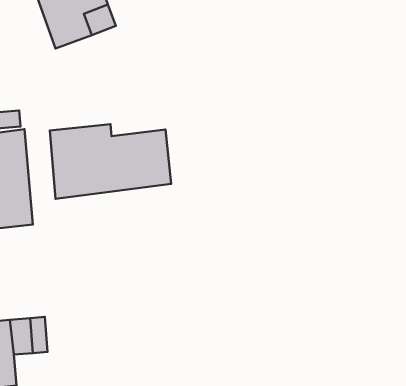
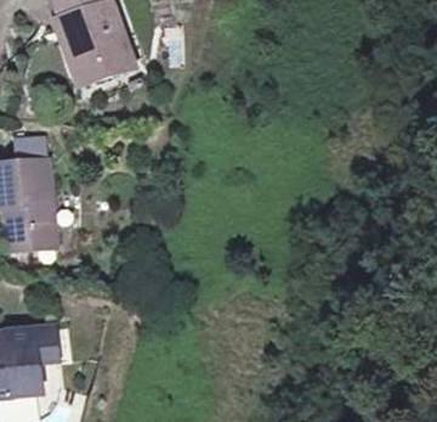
building: [50,124,171,199] -> none

